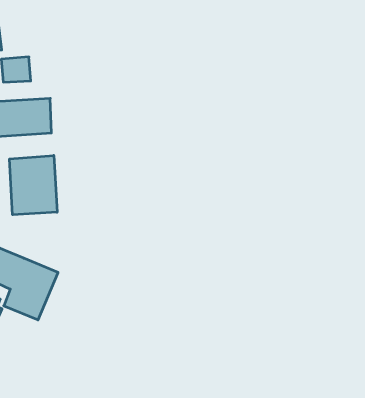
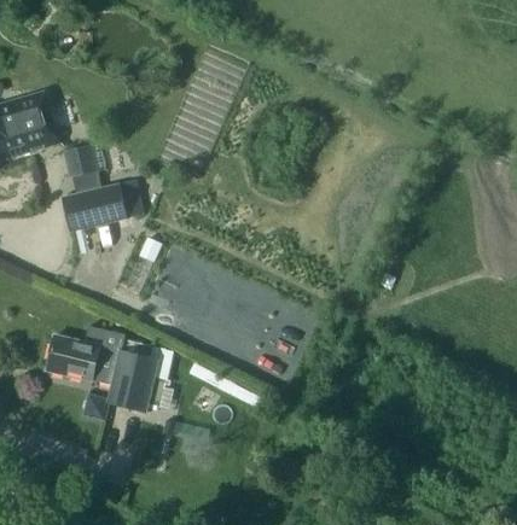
building: [10,155,57,215] -> none

